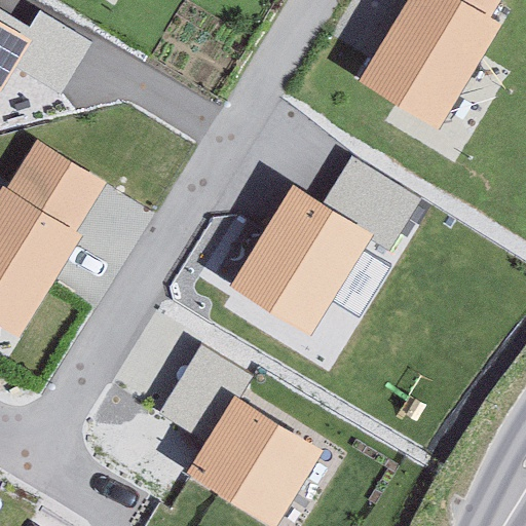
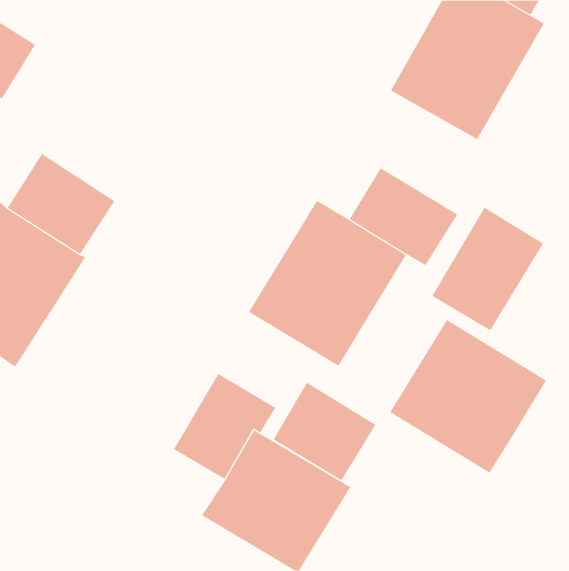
building: none -> [432,207,544,331]
building: none -> [390,319,547,473]
building: none -> [273,382,376,481]

